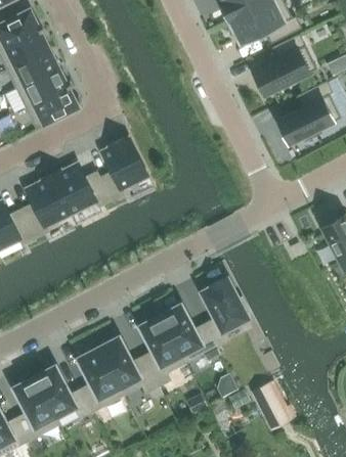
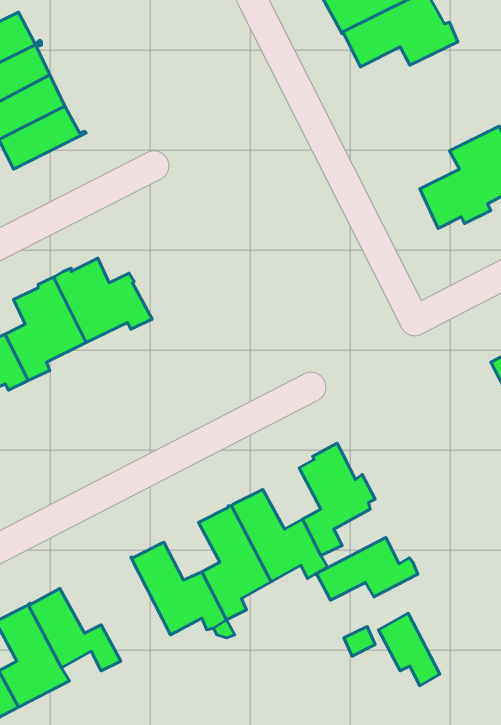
building: [253,34,316,95] -> none
building: [26,85,78,128] -> none
building: [99,136,148,200] -> none
building: none -> [315,537,418,600]
building: [79,348,123,412] -> none

